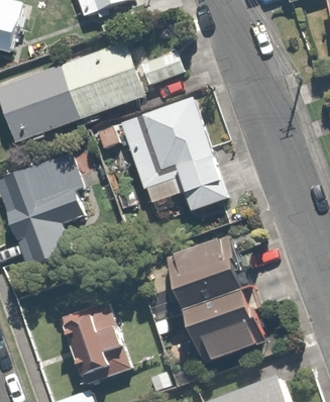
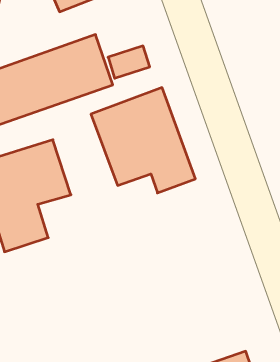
building: [167,239,265,362] -> none
building: [60,298,134,379] -> none

